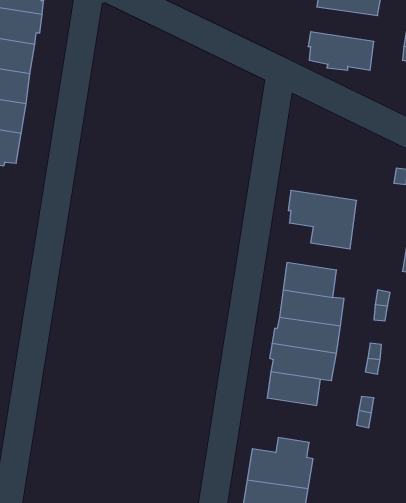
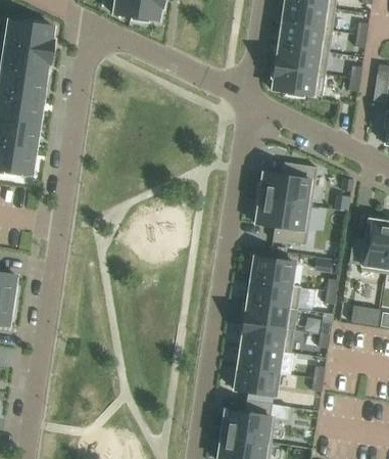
building: none -> [273,45,328,74]
building: none -> [256,162,317,204]
building: none -> [234,367,278,396]

